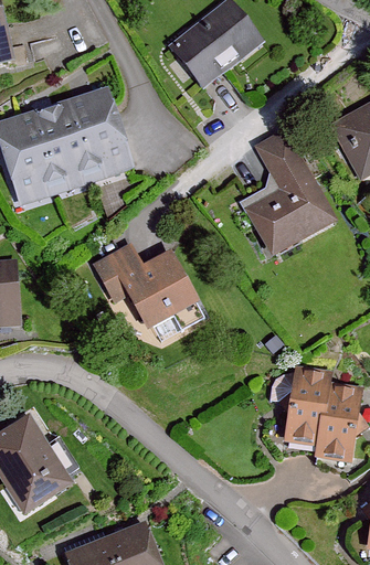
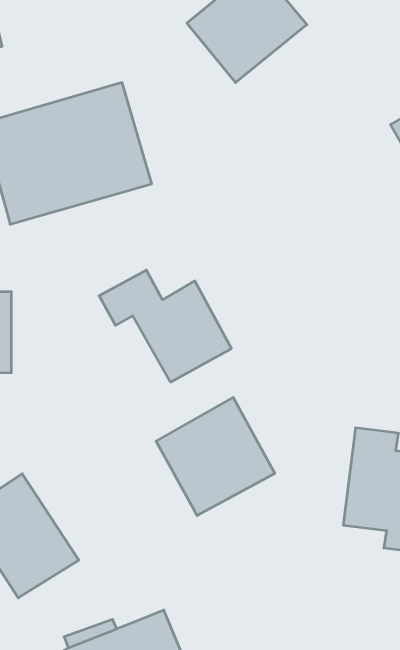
building: [241,131,332,256] -> none
building: none -> [156,397,275,516]

